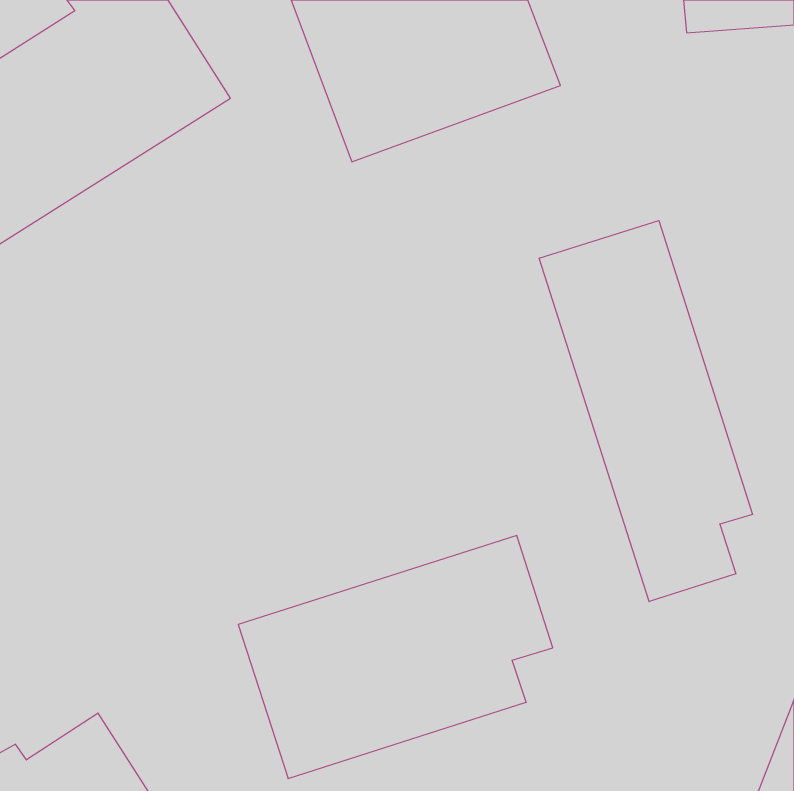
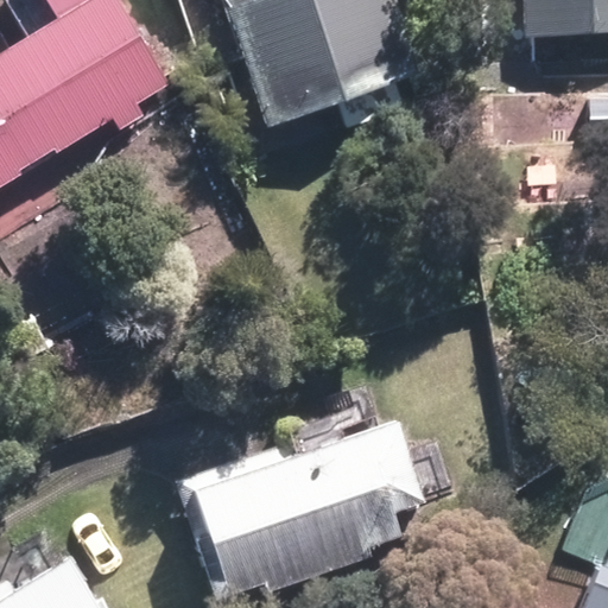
building: [539,221,753,602] -> none

